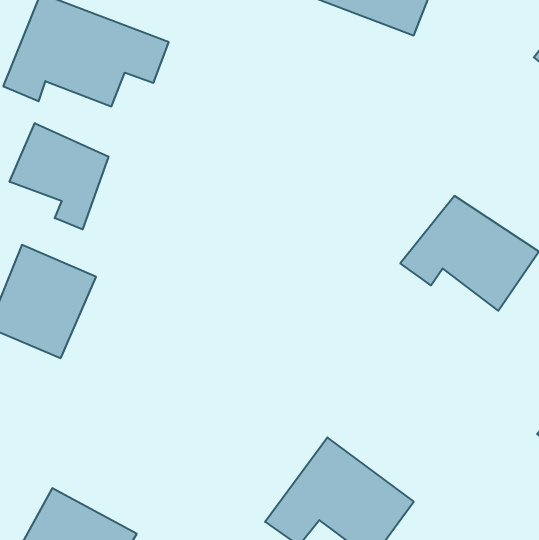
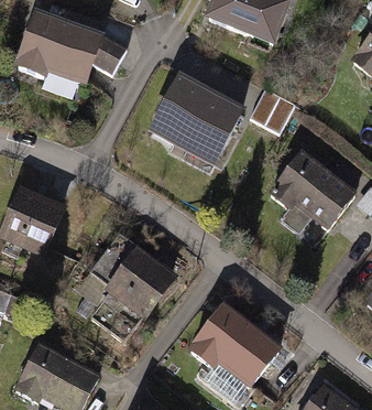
building: none -> [147,73,242,165]
building: [10,123,108,229] -> none
building: none -> [85,231,177,321]

